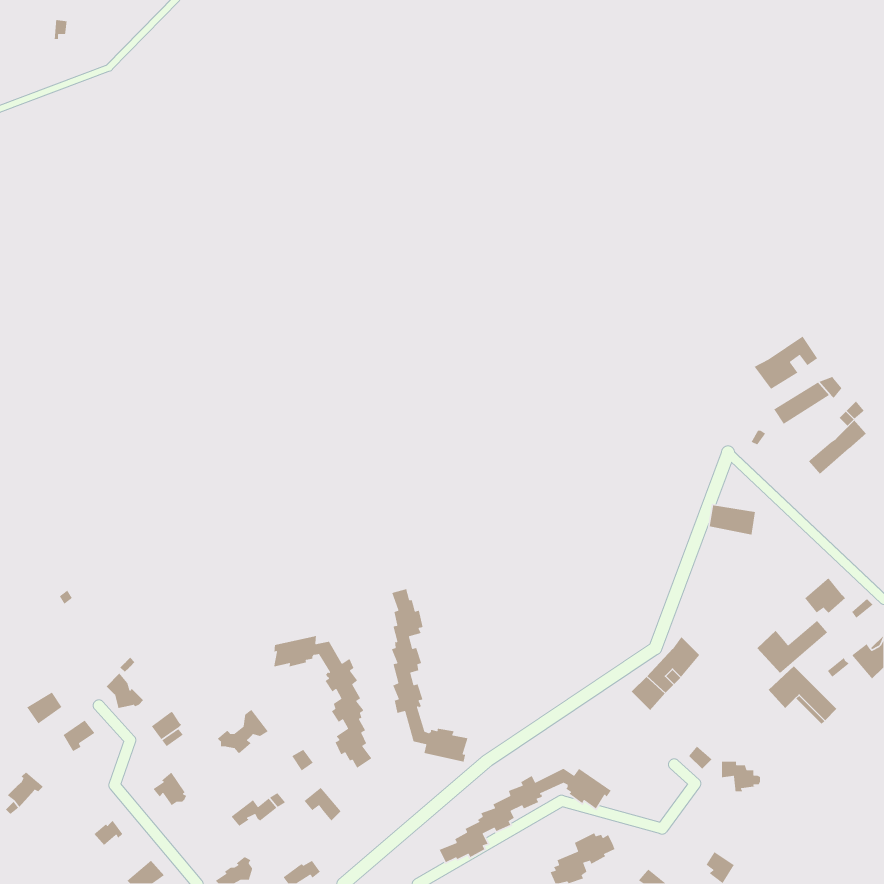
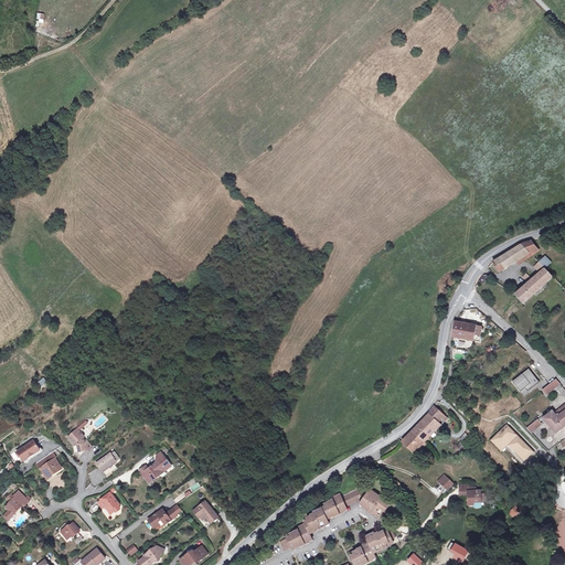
building: [754,335,818,390] -> none
building: [391,588,469,763] -> none
building: [756,620,828,674] -> none
building: [273,635,372,769] -> none

